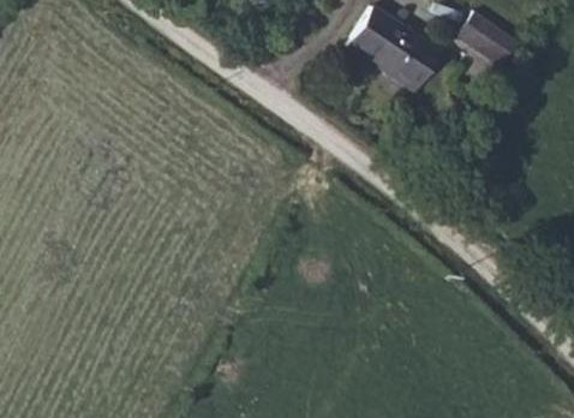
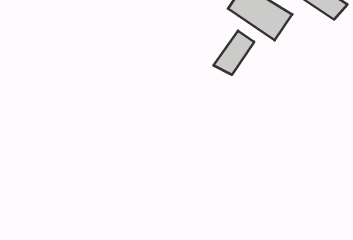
building: none -> [214,31,254,75]

